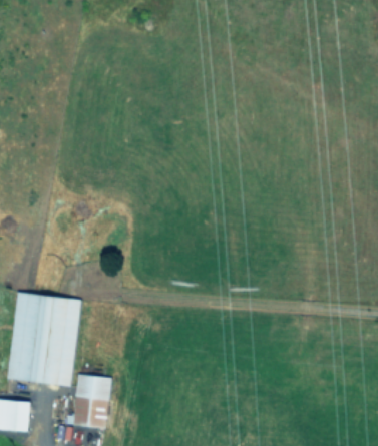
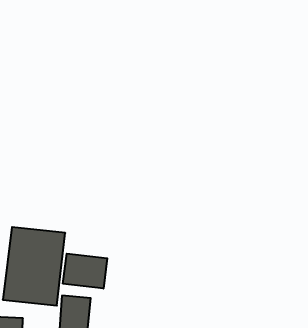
building: none -> [63,254,107,289]

